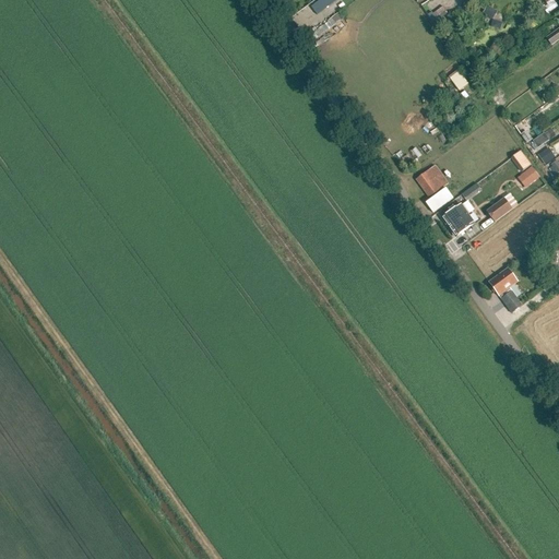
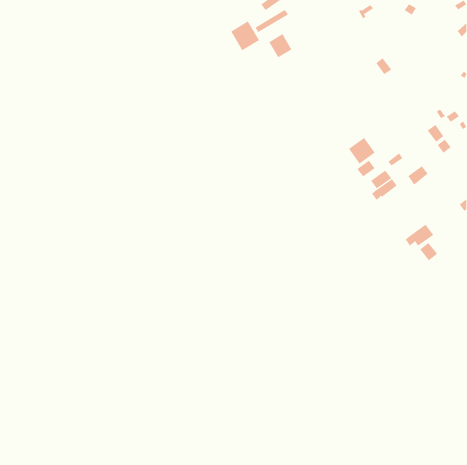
building: none -> [230,20,260,51]
building: none -> [269,33,292,58]

